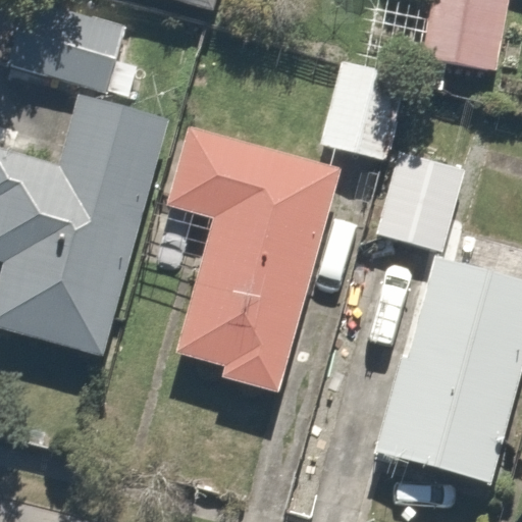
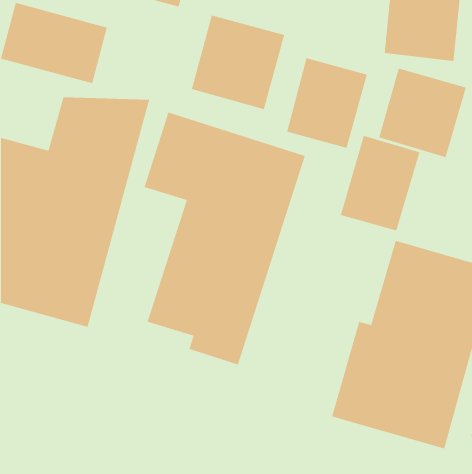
building: none -> [191,14,285,110]
building: none -> [378,68,467,158]

